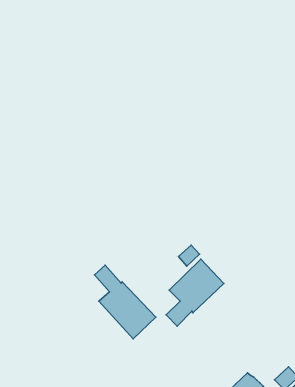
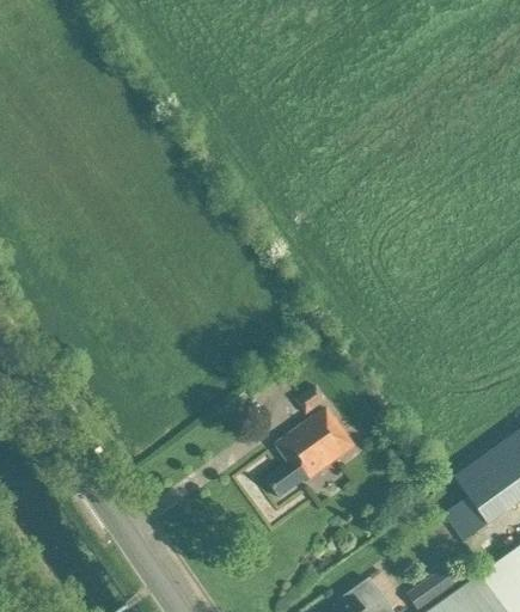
building: [94,265,156,339] -> none

